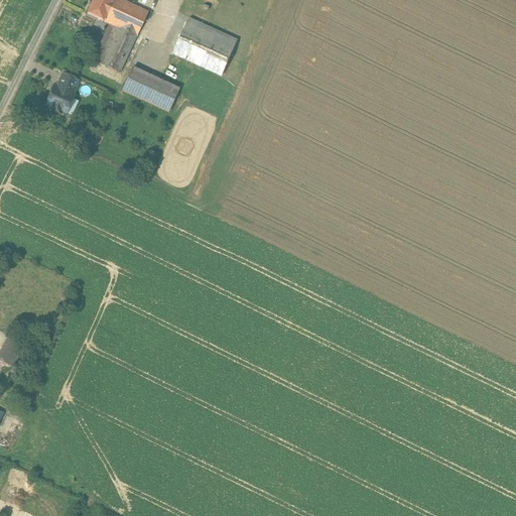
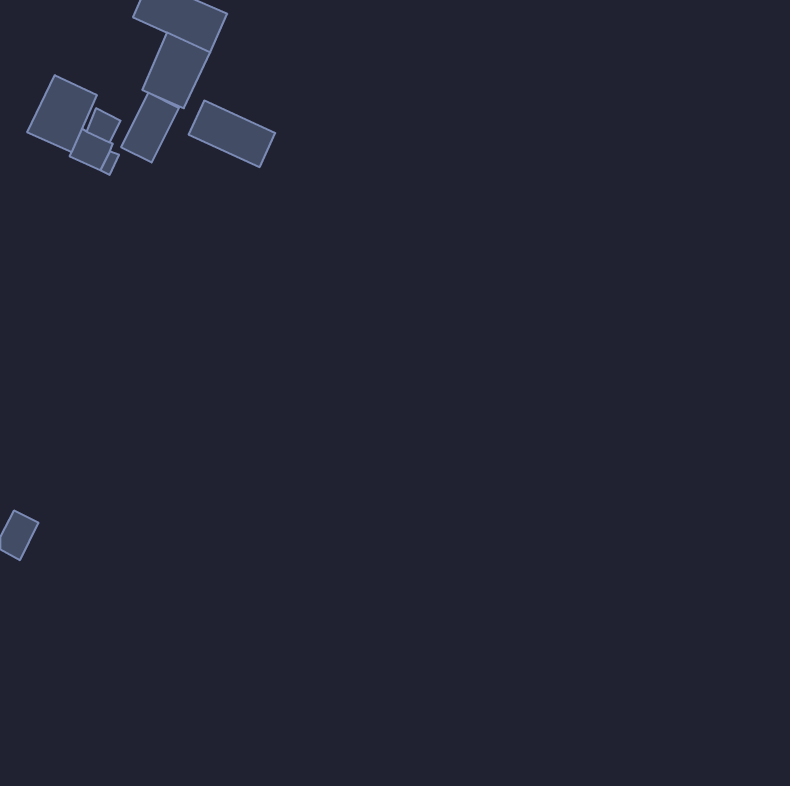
building: [173,16,237,73] -> none
building: none -> [27,75,97,152]
building: none -> [121,93,179,163]

